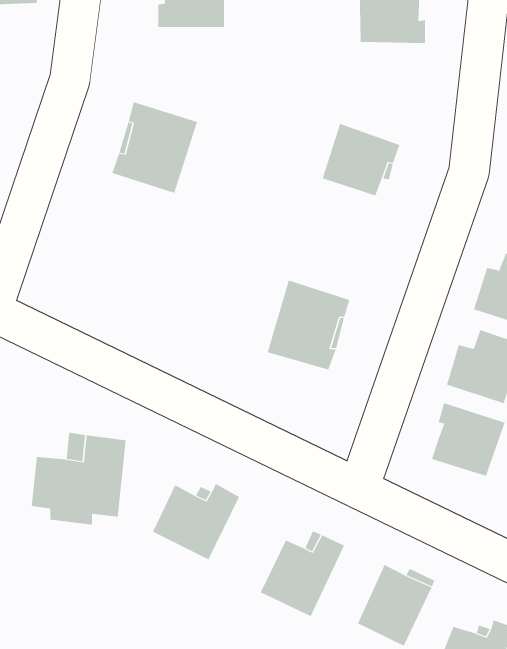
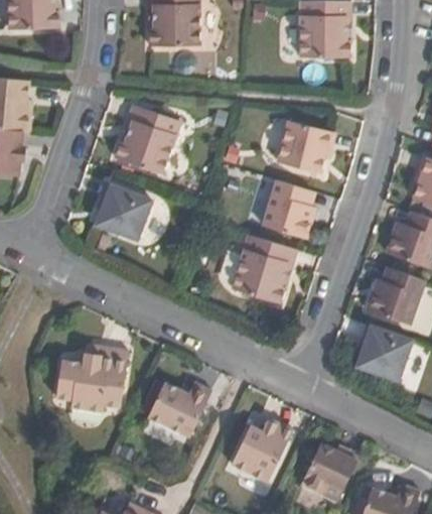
building: none -> [262,176,313,235]
building: none -> [97,182,151,238]

